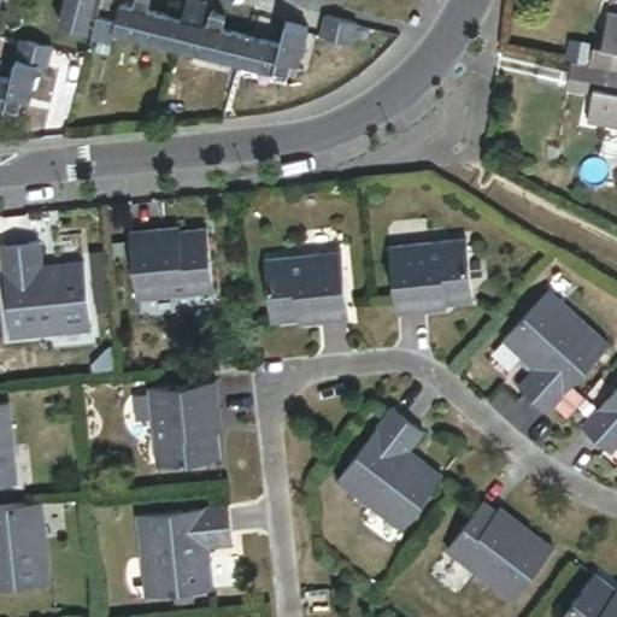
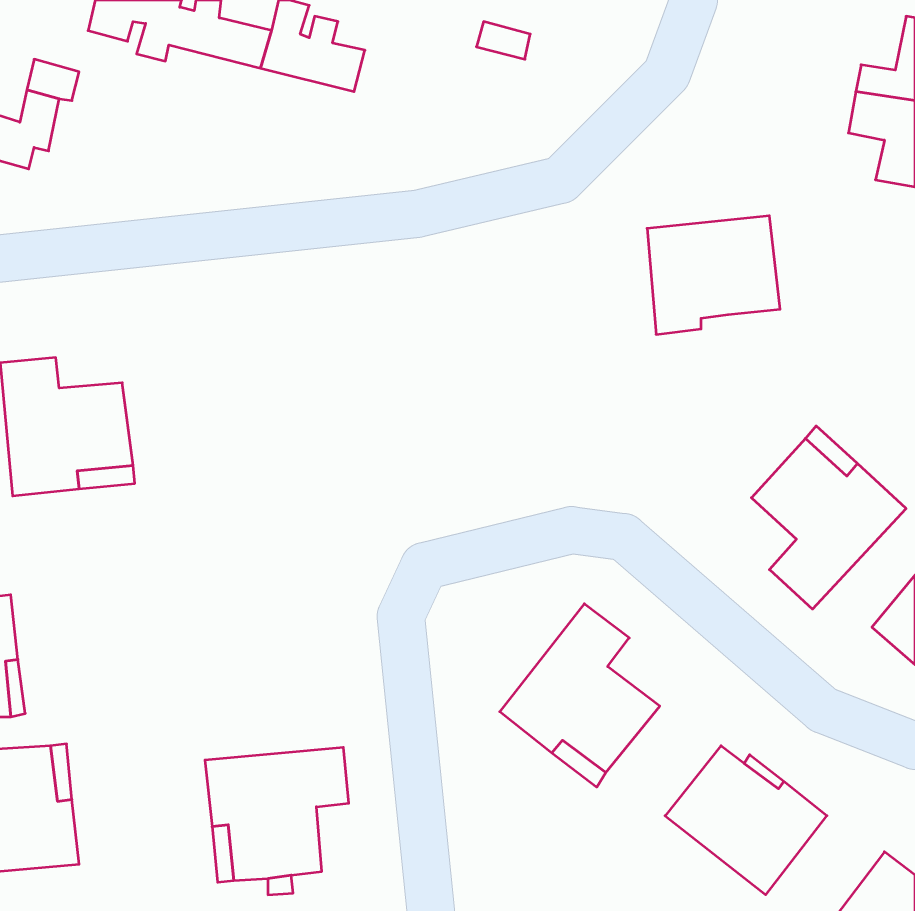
building: [237,28,308,80] -> none
building: [129,229,212,300] -> none
building: [386,237,475,317] -> [647,216,780,334]
building: [265,253,348,325] -> none
building: [147,381,221,468] -> none

